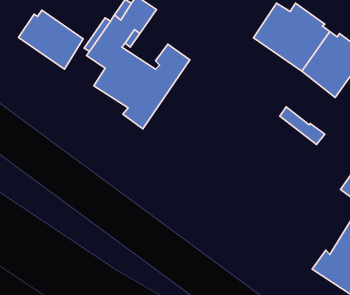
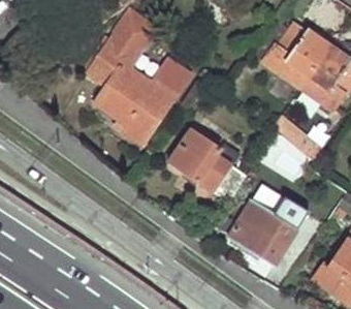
building: [19,10,83,69] -> none
building: none -> [167,128,245,200]
building: none -> [227,194,309,265]

